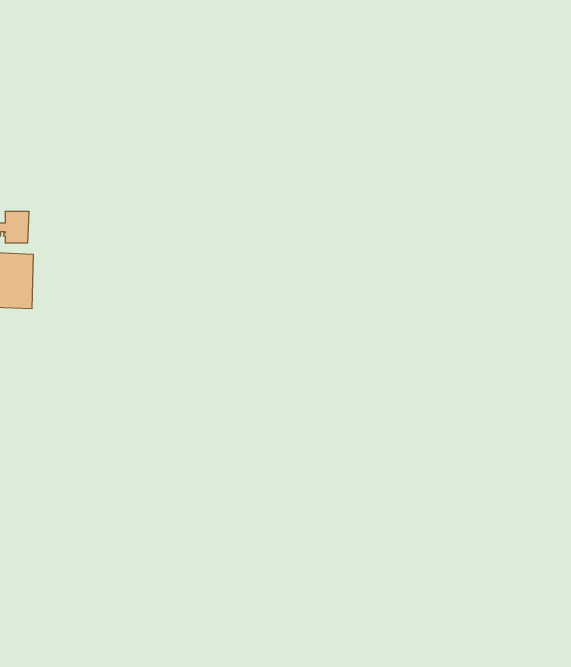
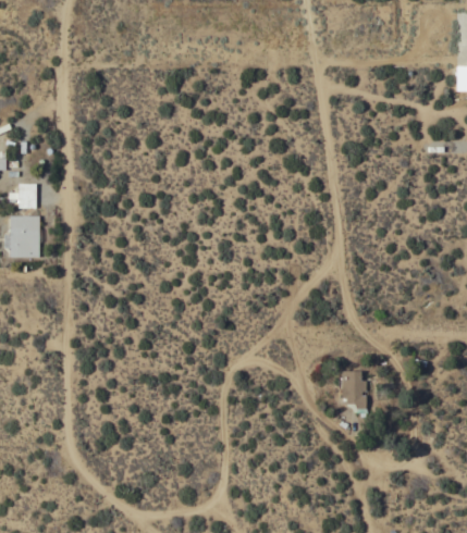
building: none -> [341,372,367,419]

